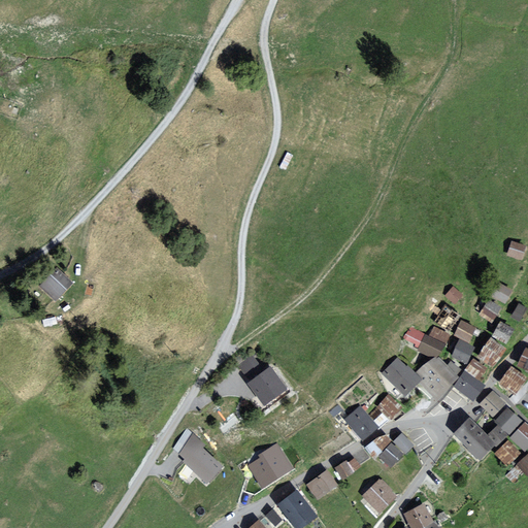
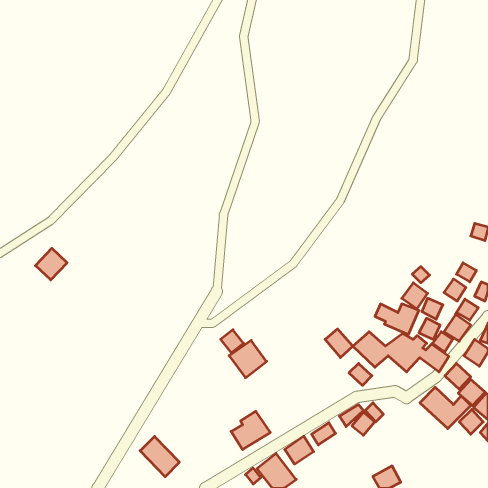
building: [344,405,374,436] -> [325,329,353,358]
building: [178,438,221,482] -> [140,436,179,477]
building: [362,478,397,513] -> none

